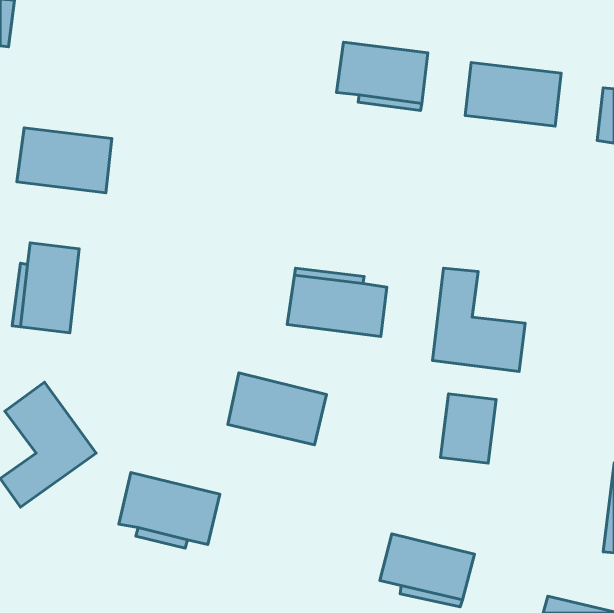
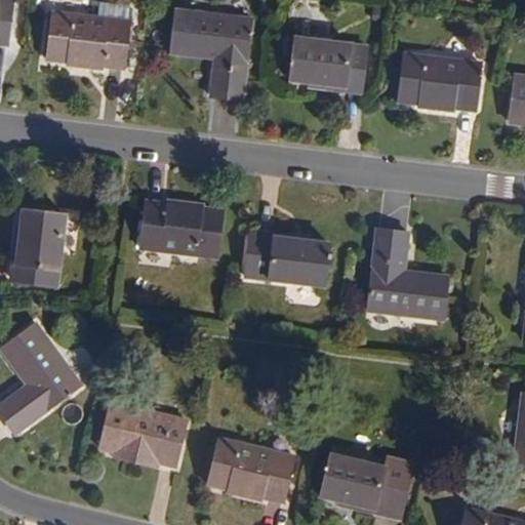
building: none -> [169,9,248,97]
building: [17,128,112,193] -> [46,11,127,67]
building: none -> [139,201,221,257]
building: [228,373,326,445] -> [211,439,295,500]
building: [440,394,496,463] -> none

